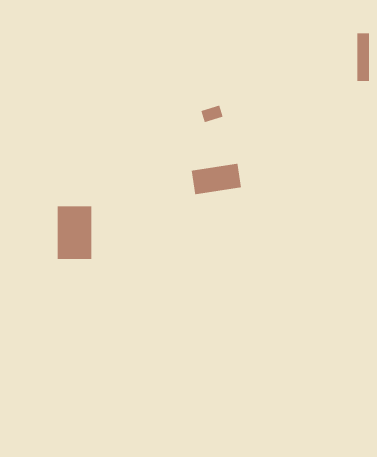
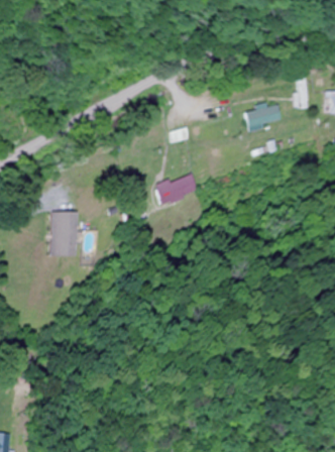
building: none -> [244,104,281,127]

